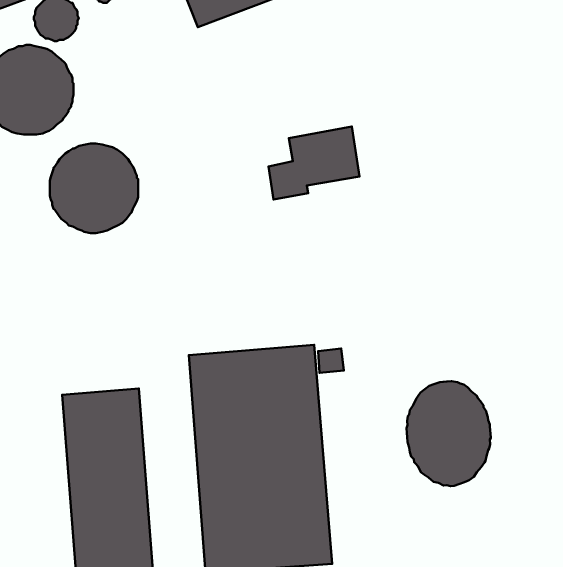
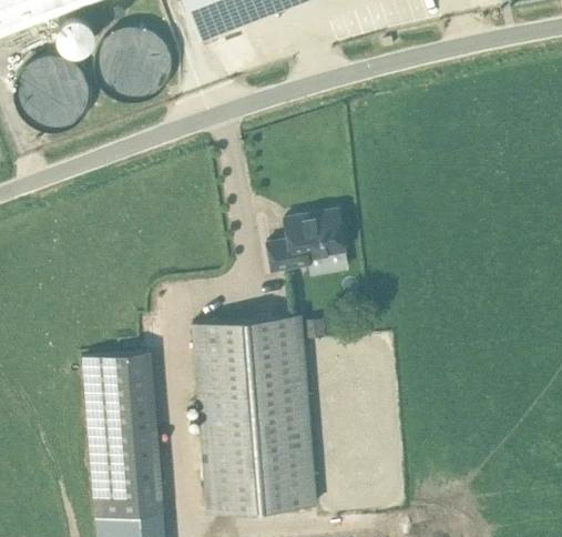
building: [268,127,359,200] -> [267,207,346,271]
building: [50,143,138,233] -> [96,26,173,103]
building: [407,381,491,486] -> none

